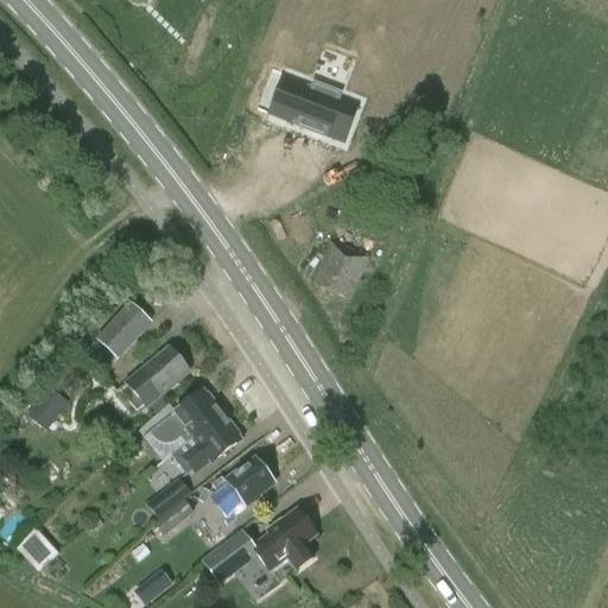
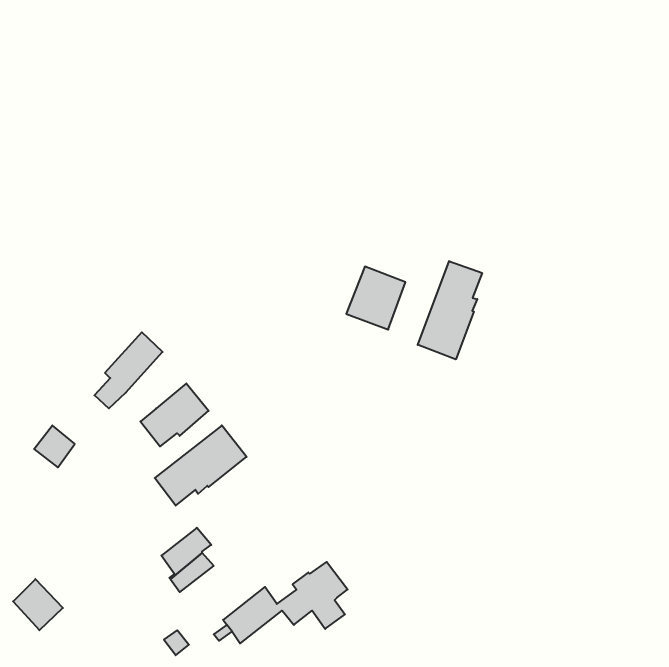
building: [272,69,361,138] -> none
building: none -> [418,261,482,359]
building: [179,413,241,471] -> none
building: [210,457,273,514] -> none

